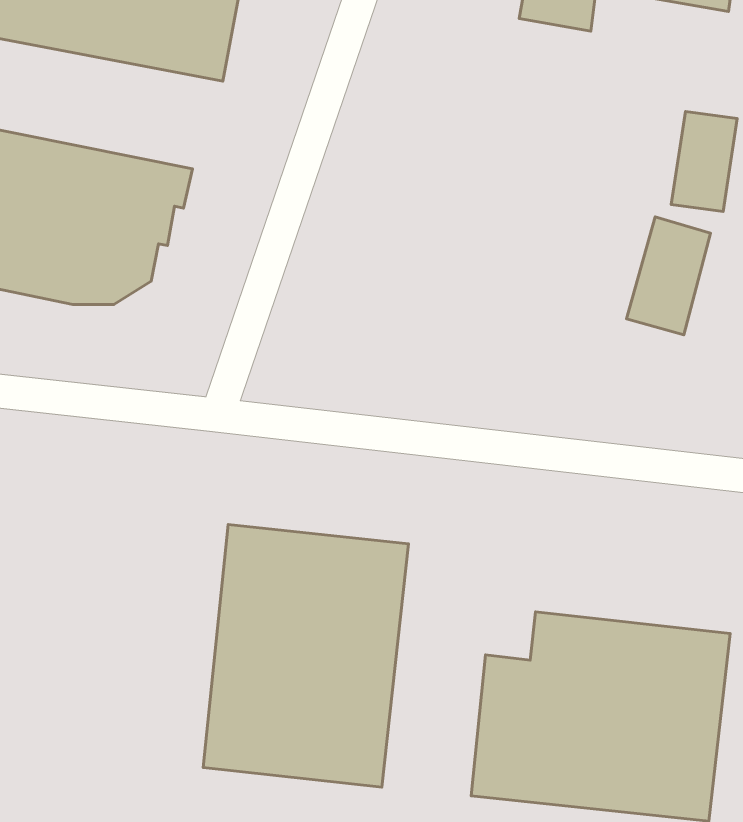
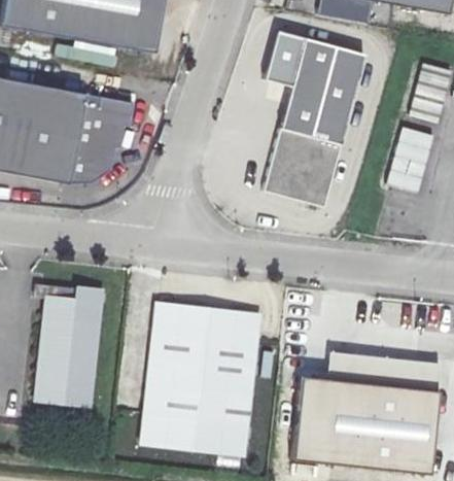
building: none -> [261,32,363,202]
building: none -> [37,286,103,404]

